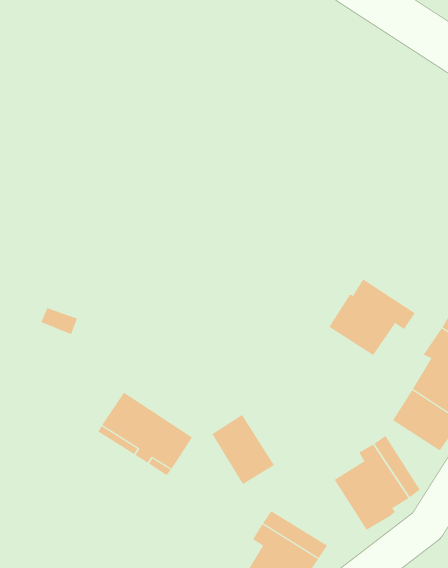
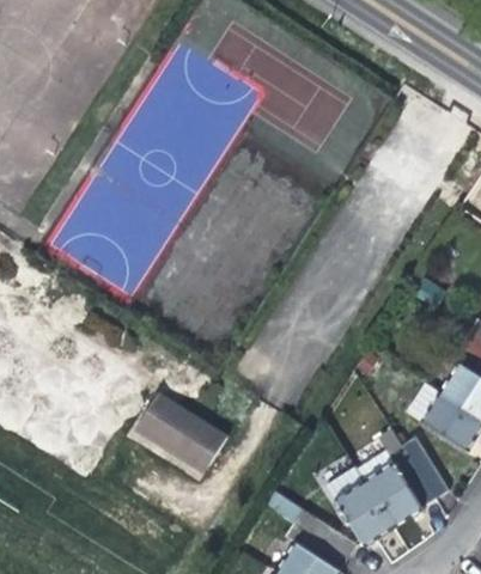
building: [328,279,415,356] -> none
building: [212,414,275,485] -> [334,478,395,546]

